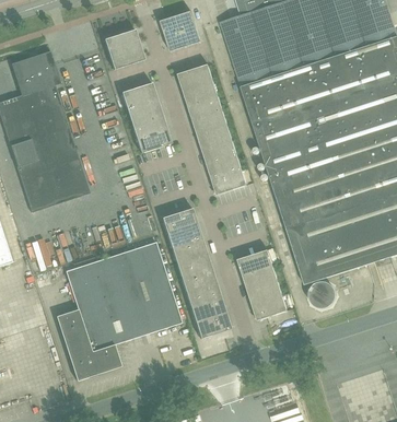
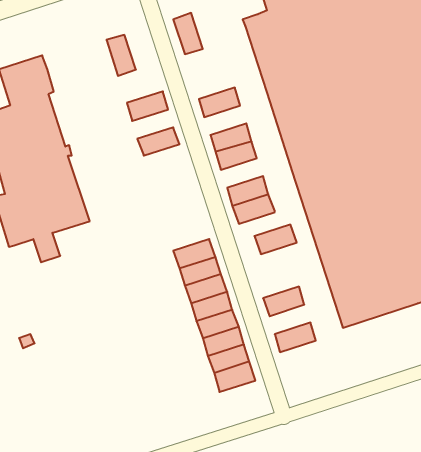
building: [175,11,200,47] -> none
building: [118,30,143,65] -> none
building: [176,65,212,90] -> none
building: [186,95,222,120] -> none
building: [125,98,160,124] -> none
building: [135,128,170,153] -> none
building: [200,140,236,165] -> [254,225,297,254]
building: [57,242,180,380] -> none
building: [242,265,277,290] -> none
building: [250,295,287,320] -> none

